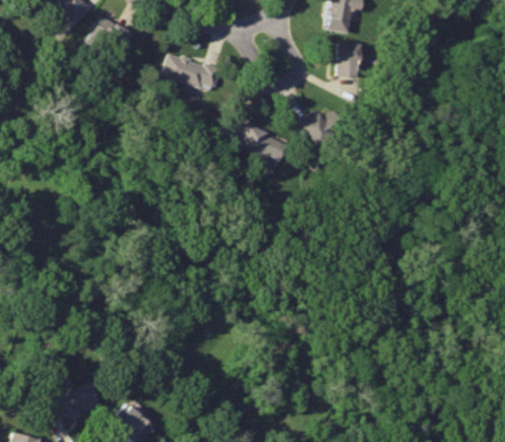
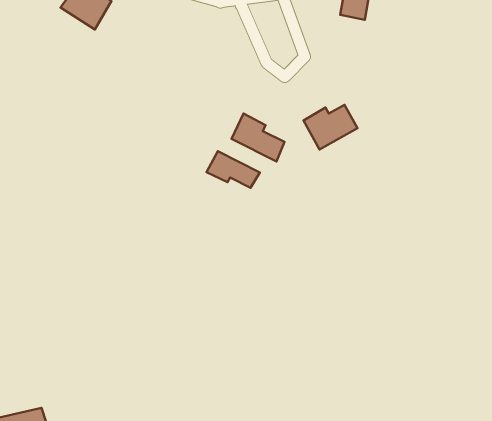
building: [338,43,364,76] -> none
building: [161,53,220,86] -> none
building: none -> [207,151,260,188]

